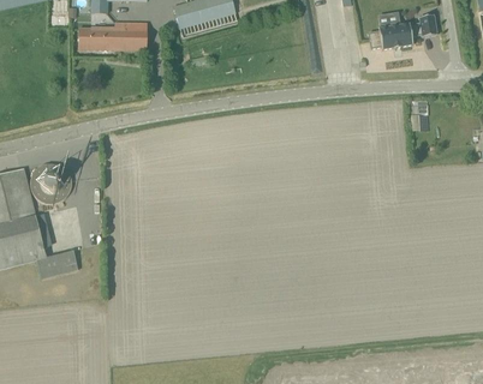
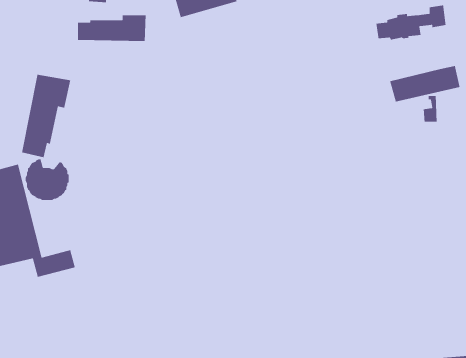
building: none -> [389,65,461,103]
building: none -> [21,74,71,158]

